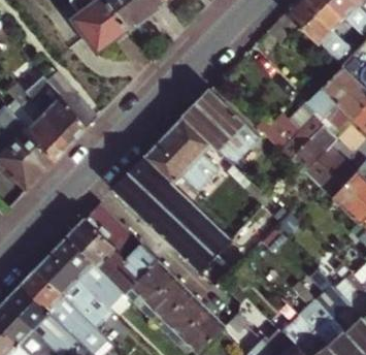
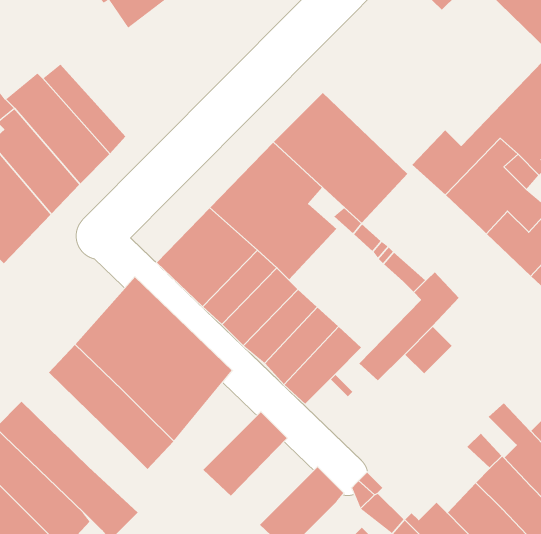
building: [125,252,175,310] -> none
building: [36,253,91,308] -> none
building: [158,291,208,342] -> none

